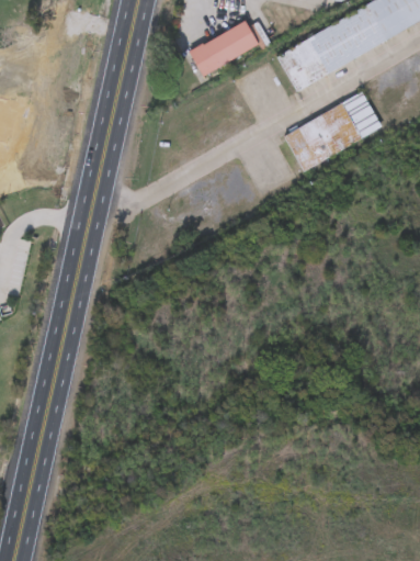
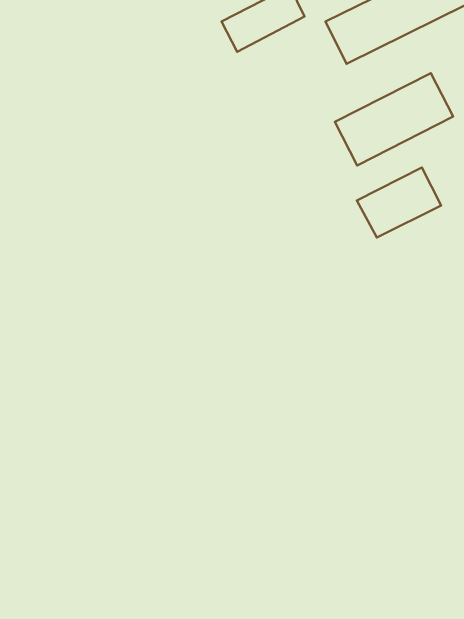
building: none -> [357,167,441,238]

